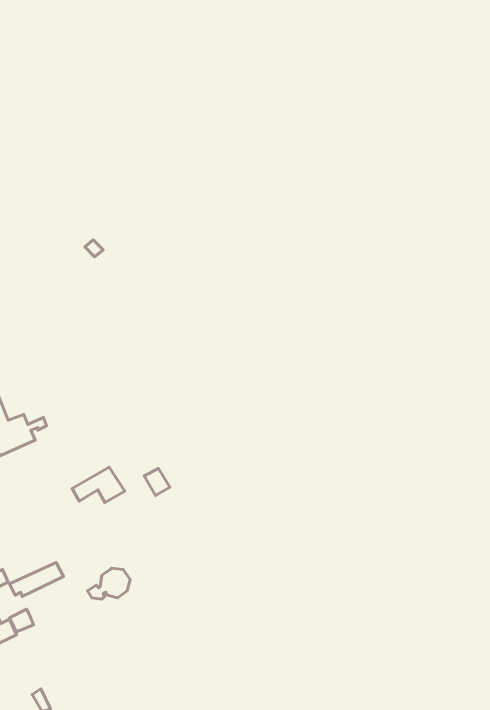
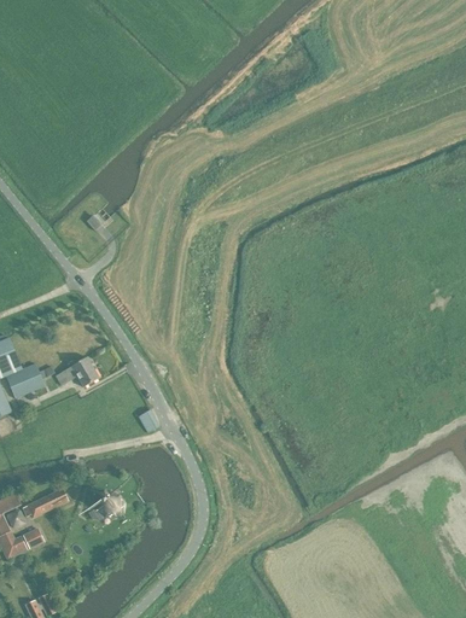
building: [72,467,125,503] -> [54,357,99,387]

